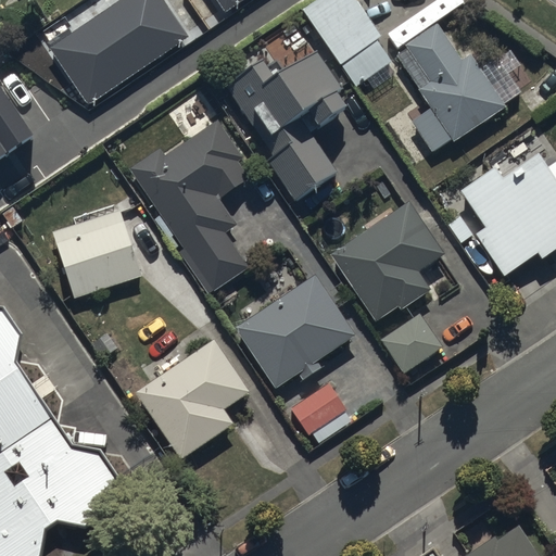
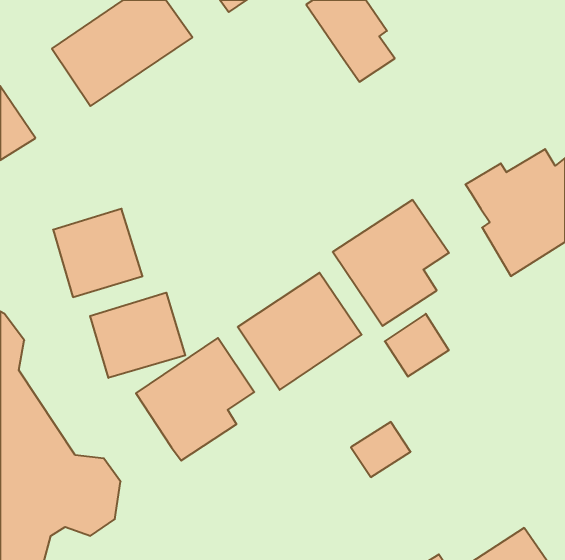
building: [402,22,519,152] -> none
building: [223,50,345,204] -> none
building: [127,119,249,294] -> none
building: none -> [90,293,185,378]
building: [288,383,346,438] -> [351,422,411,477]

